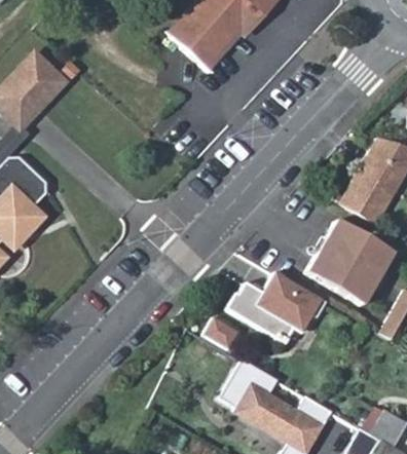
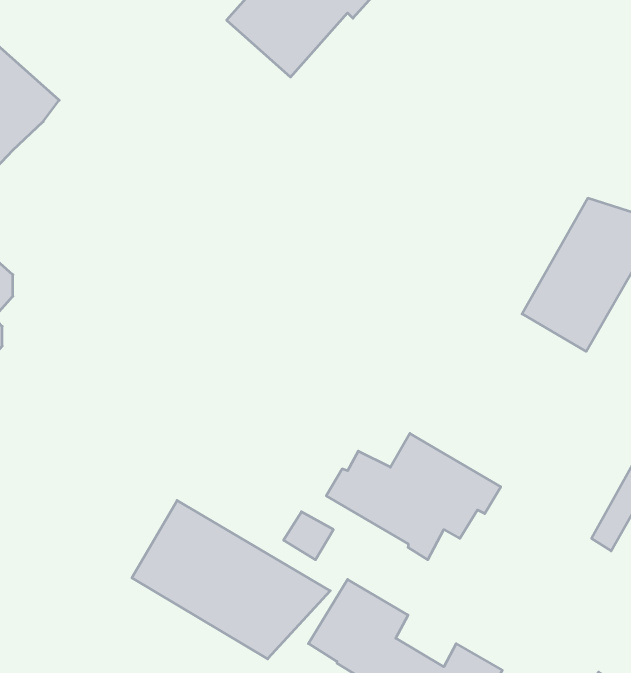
building: [307,220,394,305] -> none
building: none -> [132,500,330,659]

